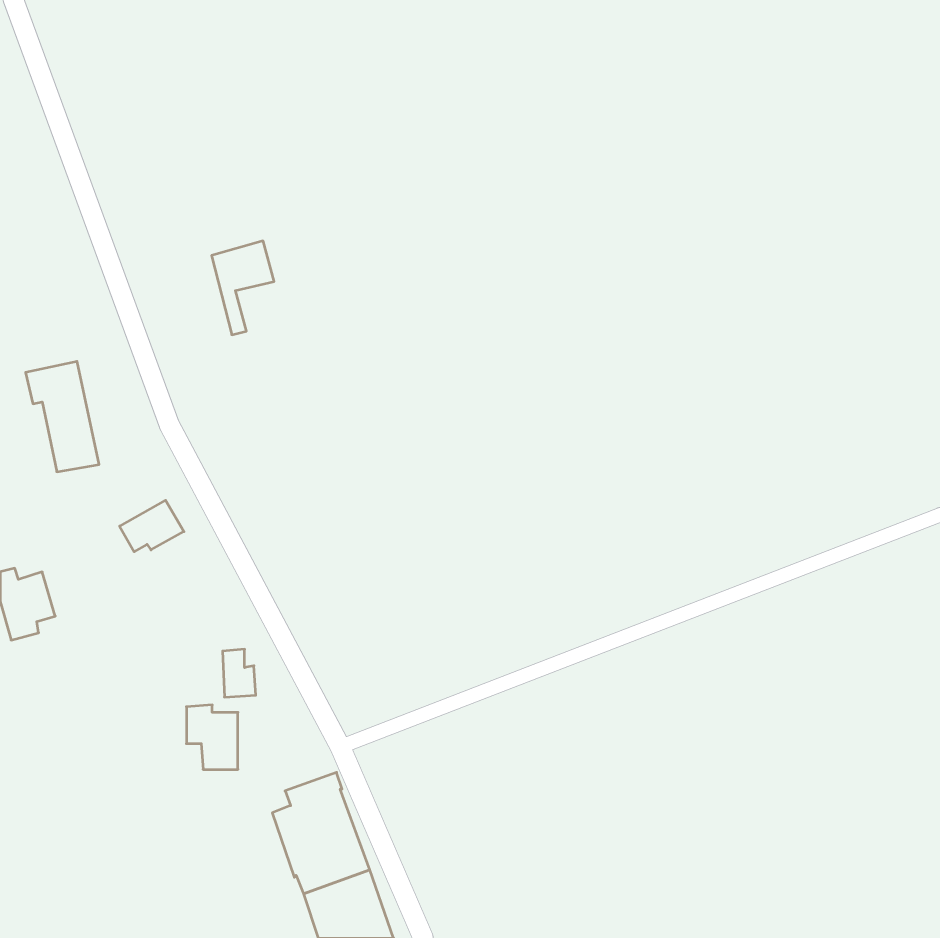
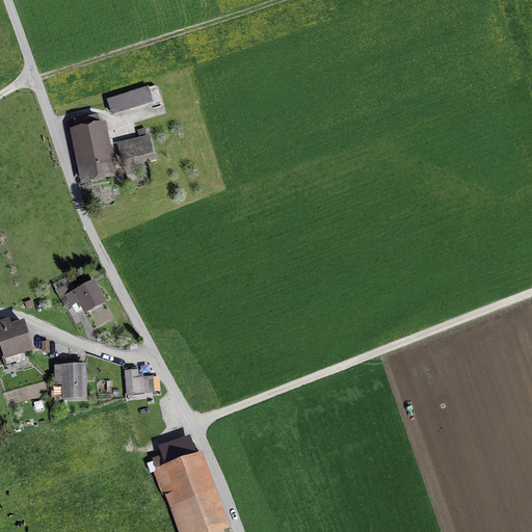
building: none -> [108,85,162,112]
building: [26,361,99,472] -> [69,116,110,179]
building: [186,705,238,769] -> [55,361,84,397]

